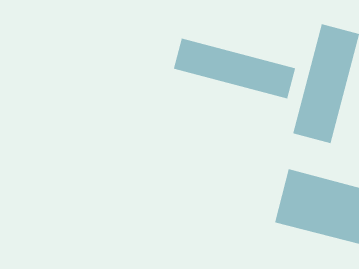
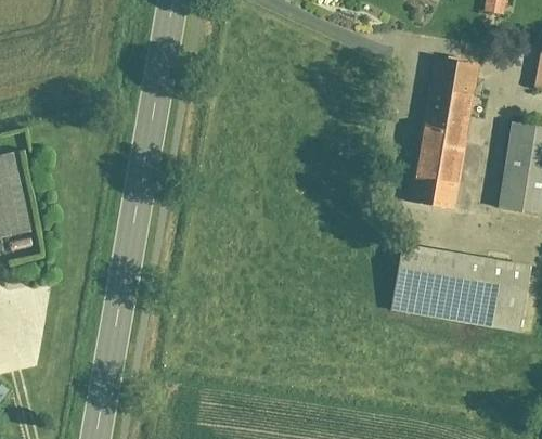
building: [173,37,296,99] -> none

